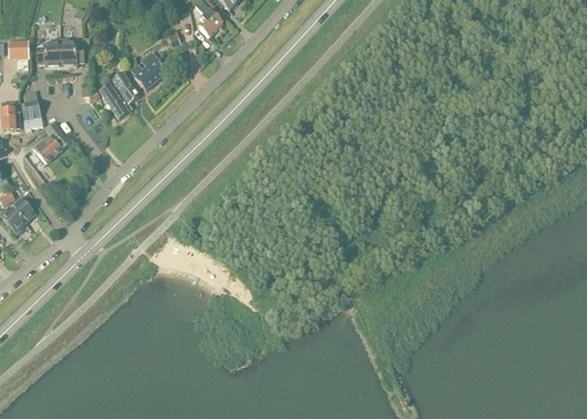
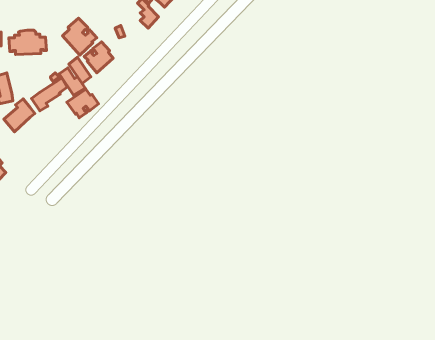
building: none -> [63,18,97,55]
building: none -> [32,78,67,111]
building: none -> [67,89,99,118]

